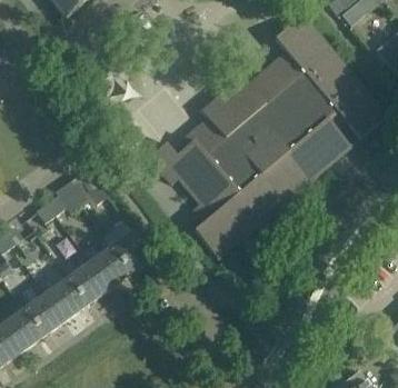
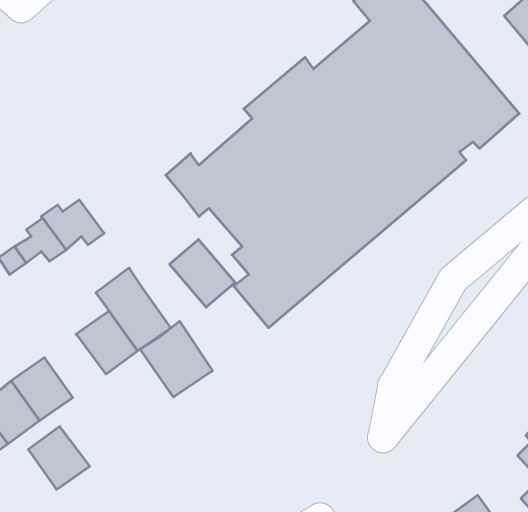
building: none -> [170,239,235,307]
building: none -> [140,321,212,397]
building: [68,262,109,305] -> [28,426,90,489]

